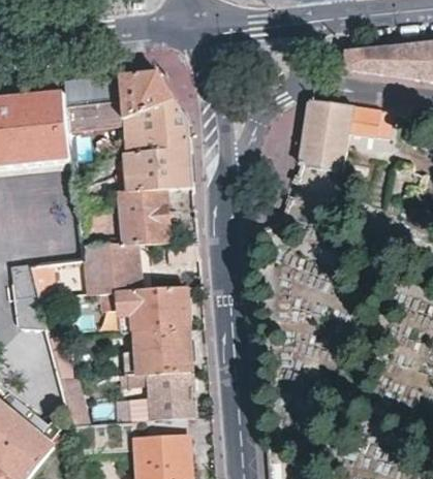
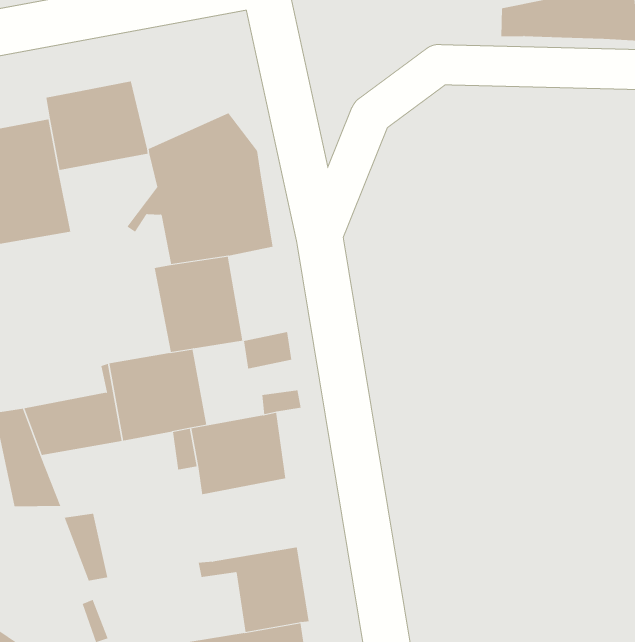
building: [114,69,172,116] -> none
building: [296,98,378,170] -> none
building: [133,325,189,372] -> none

